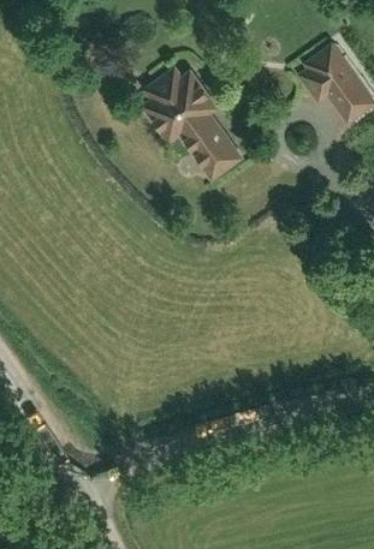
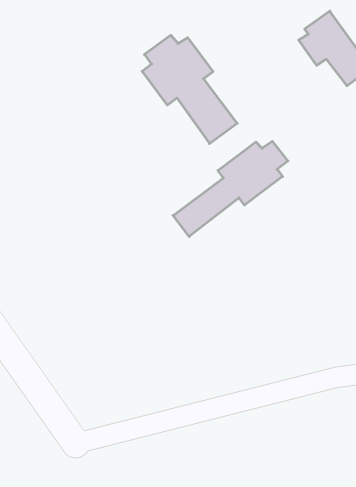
building: none -> [173,141,288,237]

